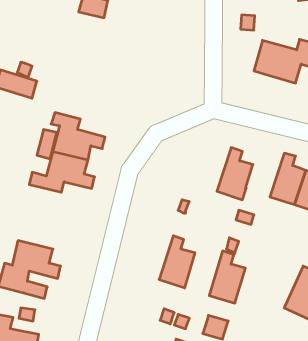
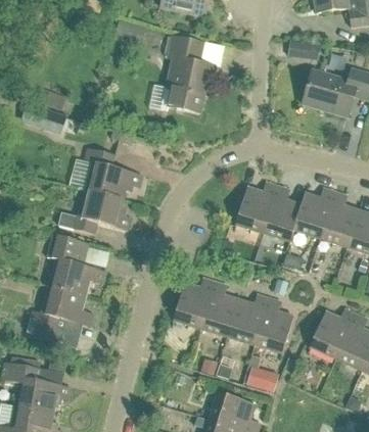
building: none -> [168,35,216,112]
building: none -> [235,181,278,232]
building: none -> [293,187,335,238]
building: none -> [47,233,105,294]
building: none -> [173,277,216,327]
building: none -> [228,293,269,344]
building: none -> [310,307,356,357]

